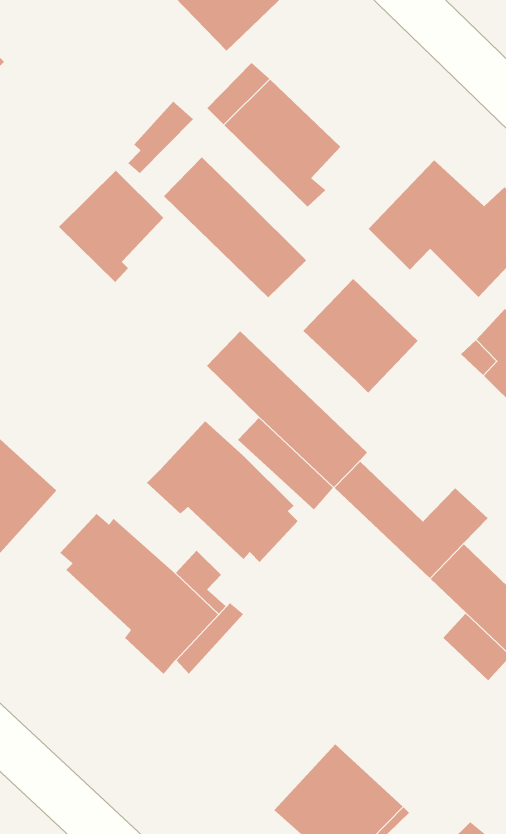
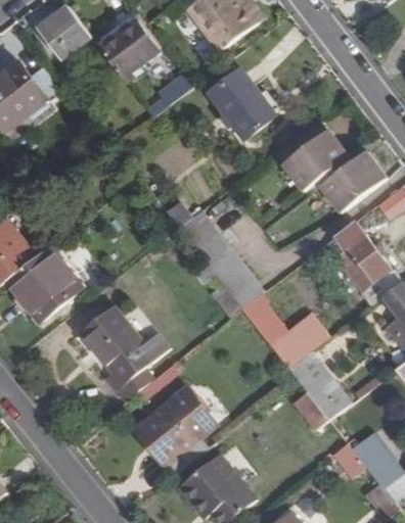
building: [163,156,307,298] -> none
building: [58,170,164,283] -> [96,18,158,83]
building: [303,278,419,394] -> none
building: [146,420,298,563] -> none
building: none -> [133,385,216,474]

